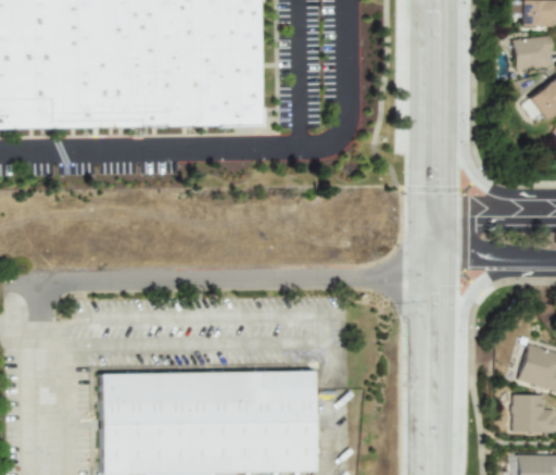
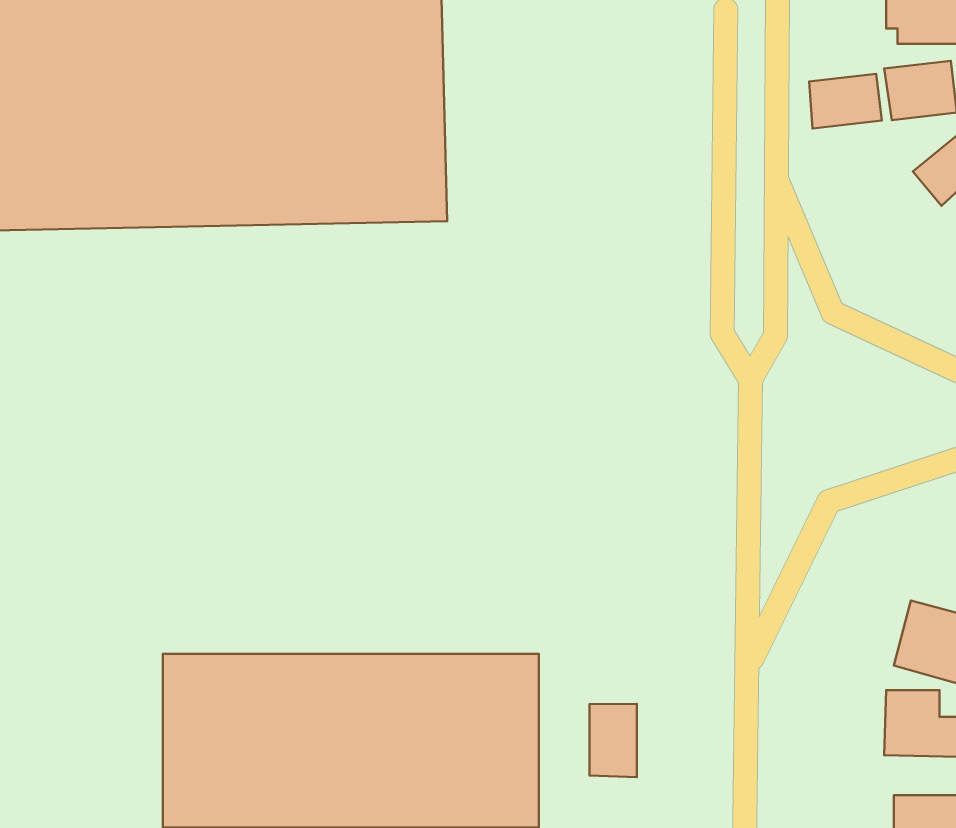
building: none -> [809,74,882,128]
building: none -> [589,704,637,777]

